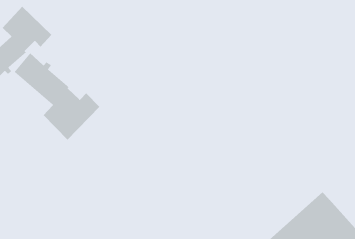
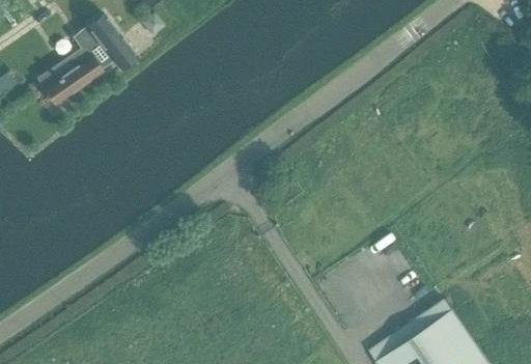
building: [14,52,100,140] -> none

